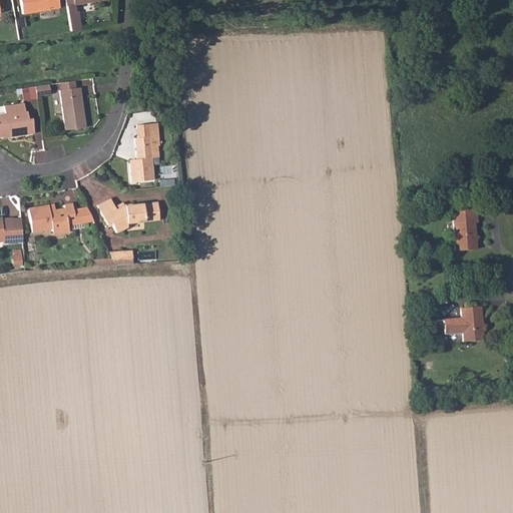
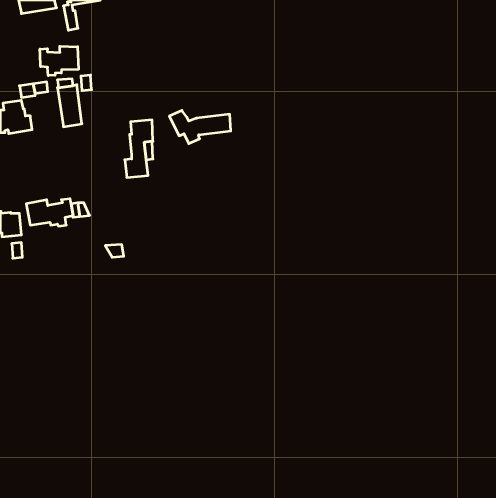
building: none -> [40,46,78,76]
building: [98,198,161,232] -> [169,110,231,144]
building: [453,207,478,248] -> none
building: [442,304,481,340] -> none

